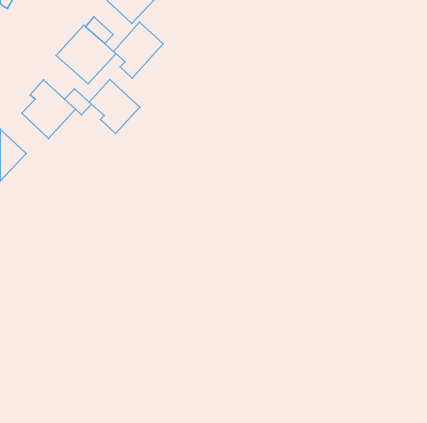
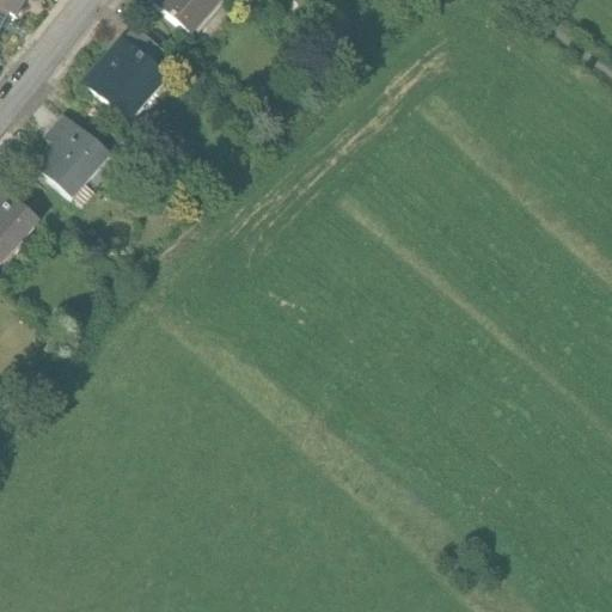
building: [113,22,163,78] -> none
building: [89,79,140,134] -> none

